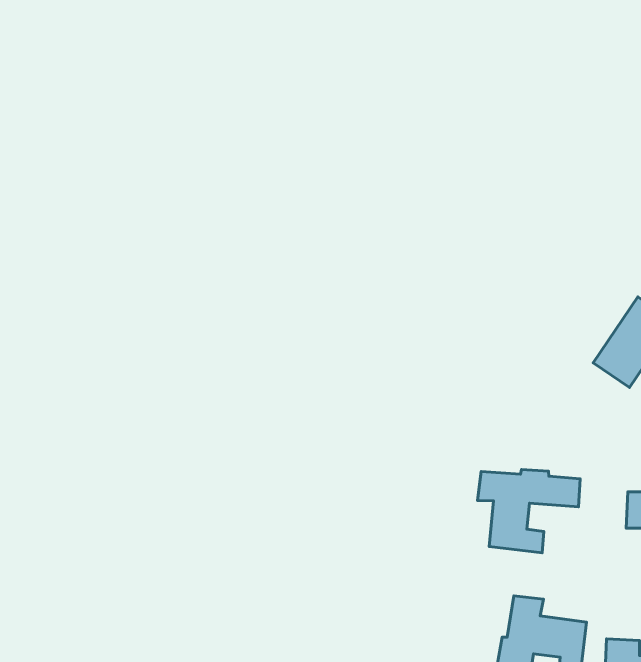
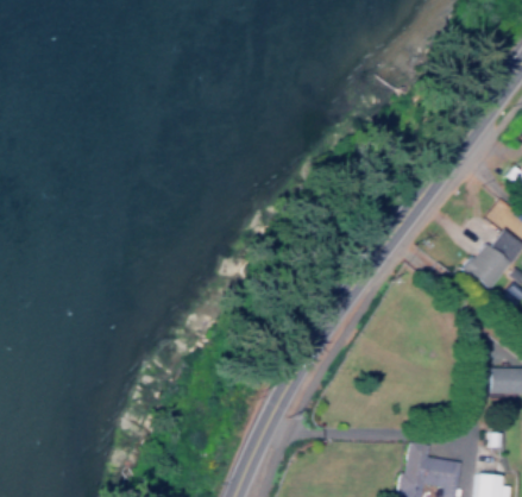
building: [477,470,580,553] -> none

